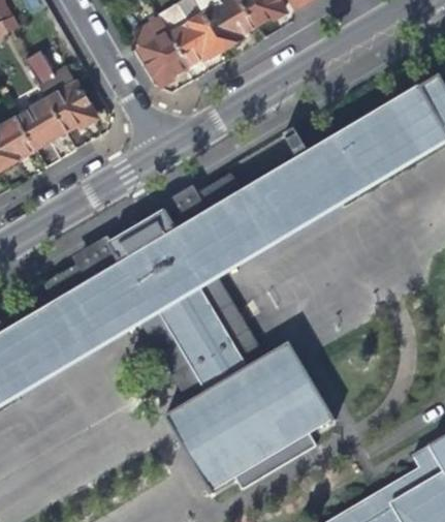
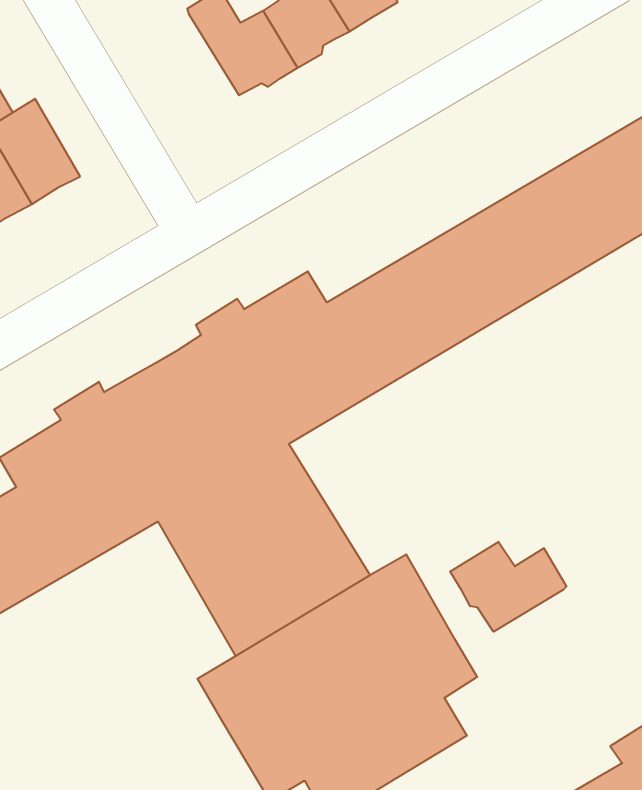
building: [131,18,189,84] -> none
building: none -> [450,542,566,632]

